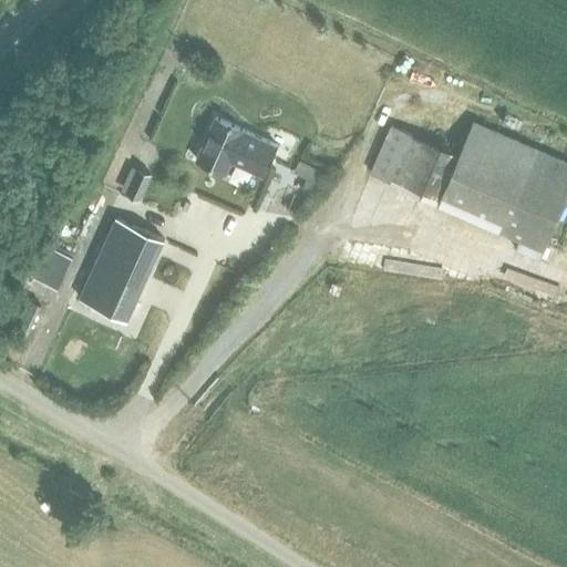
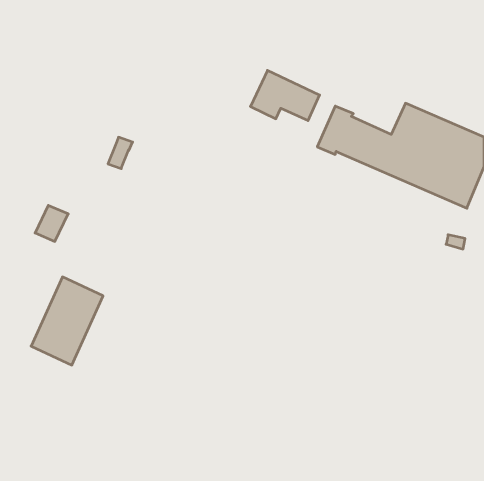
building: [194,120,275,178] -> [250,70,320,121]
building: [80,219,164,322] -> [31,277,103,365]

